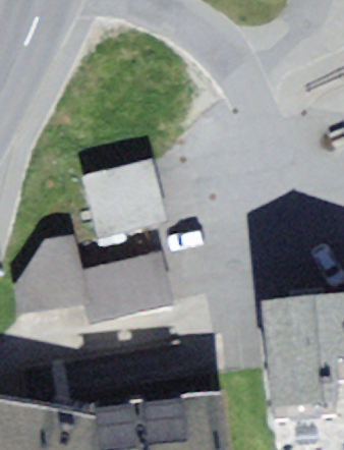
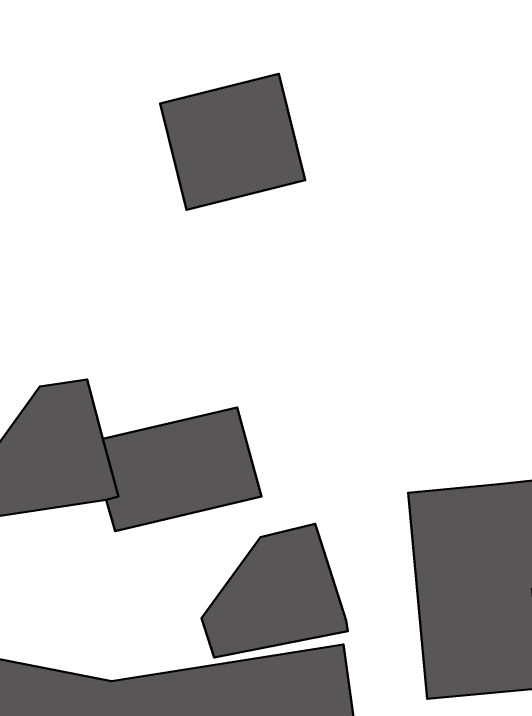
building: [83,161,168,240] -> [160,74,305,210]
building: none -> [201,524,348,658]

